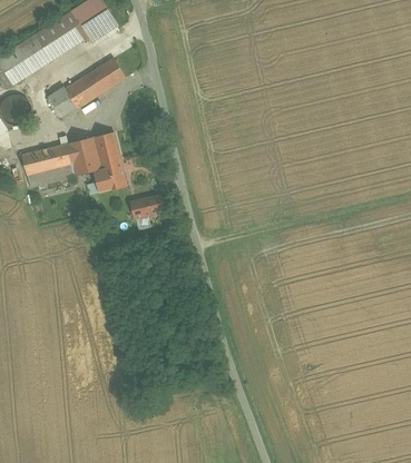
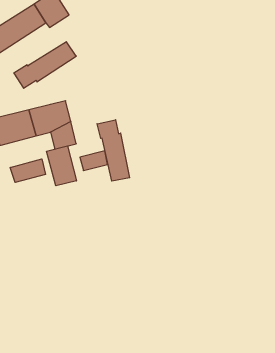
building: none -> [97,120,130,181]
building: none -> [47,146,76,186]
building: none -> [10,159,46,182]

